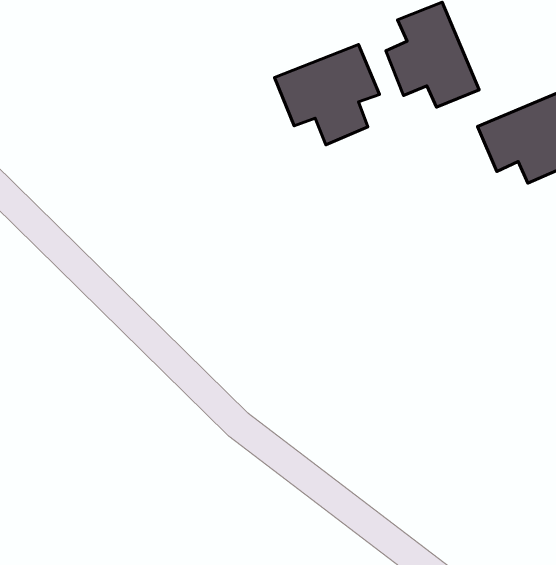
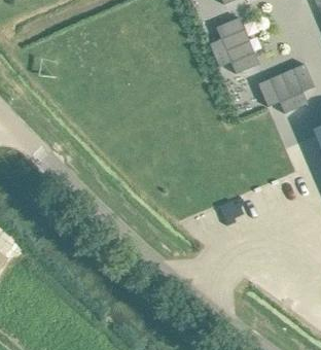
building: [275,45,380,145] -> none

